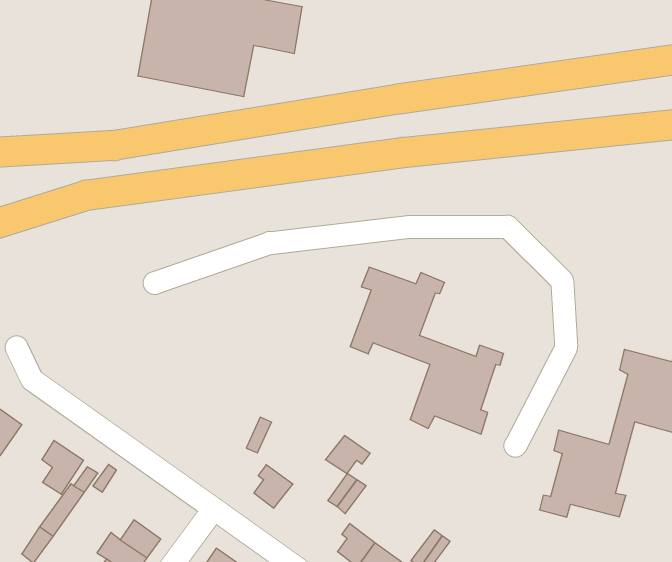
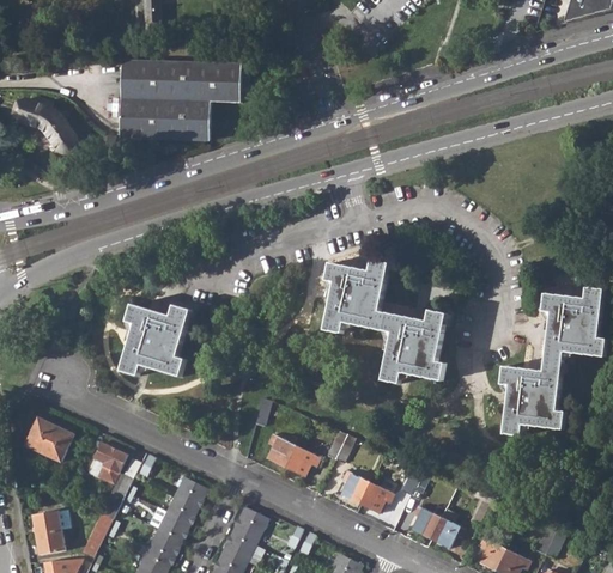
building: none -> [13,99,71,158]
building: none -> [121,304,194,376]
building: [325,436,370,474] -> [285,445,320,475]
building: none -> [175,476,207,506]

